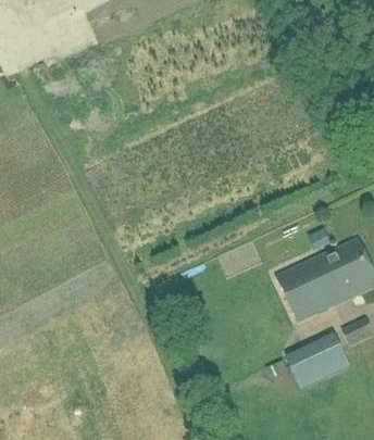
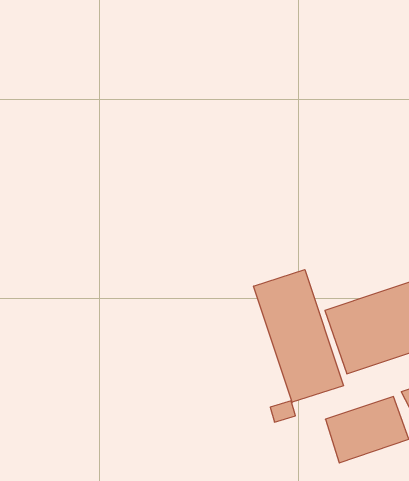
building: none -> [254,270,343,402]

